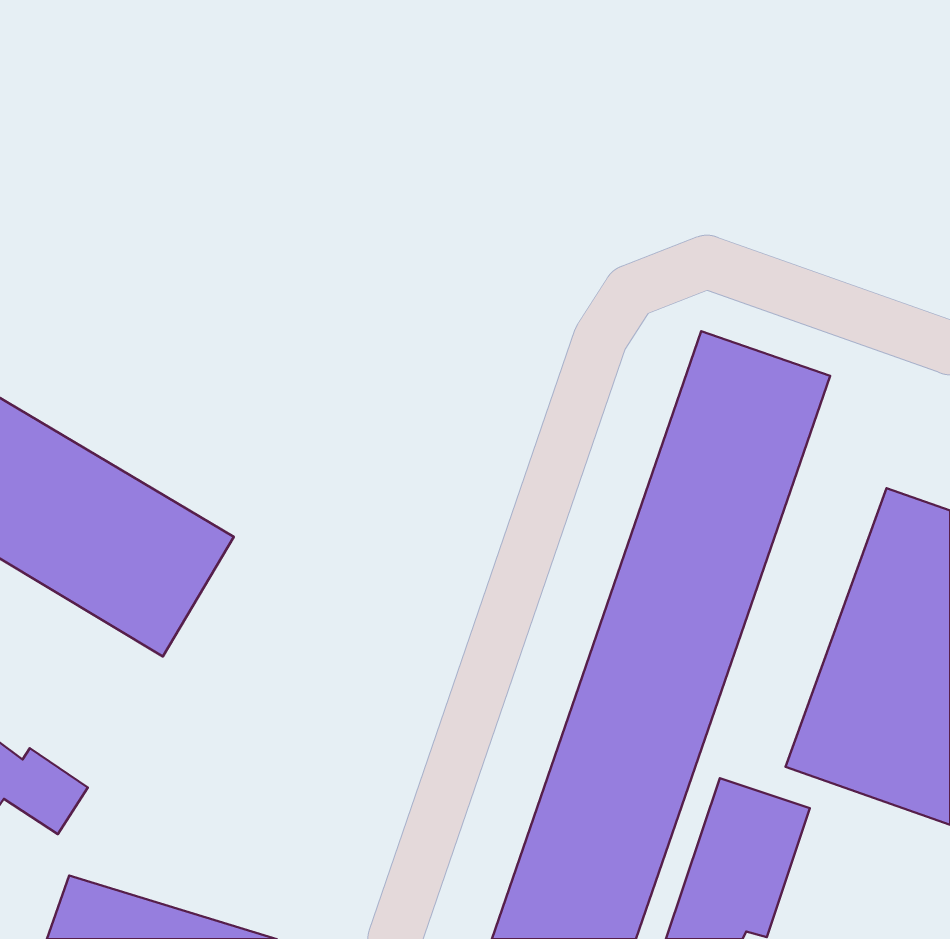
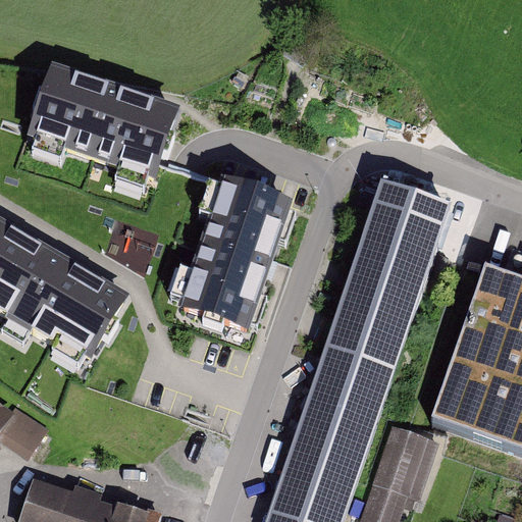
building: none -> [24,63,177,178]
building: none -> [175,176,291,330]

